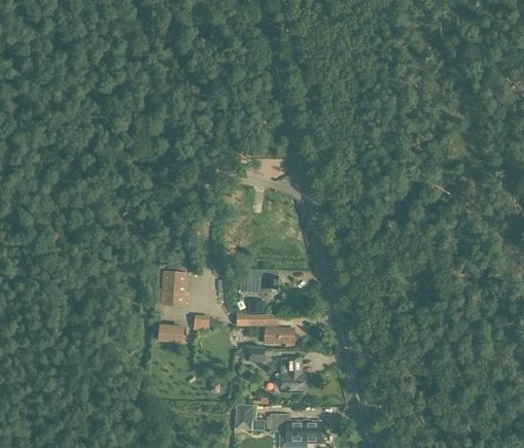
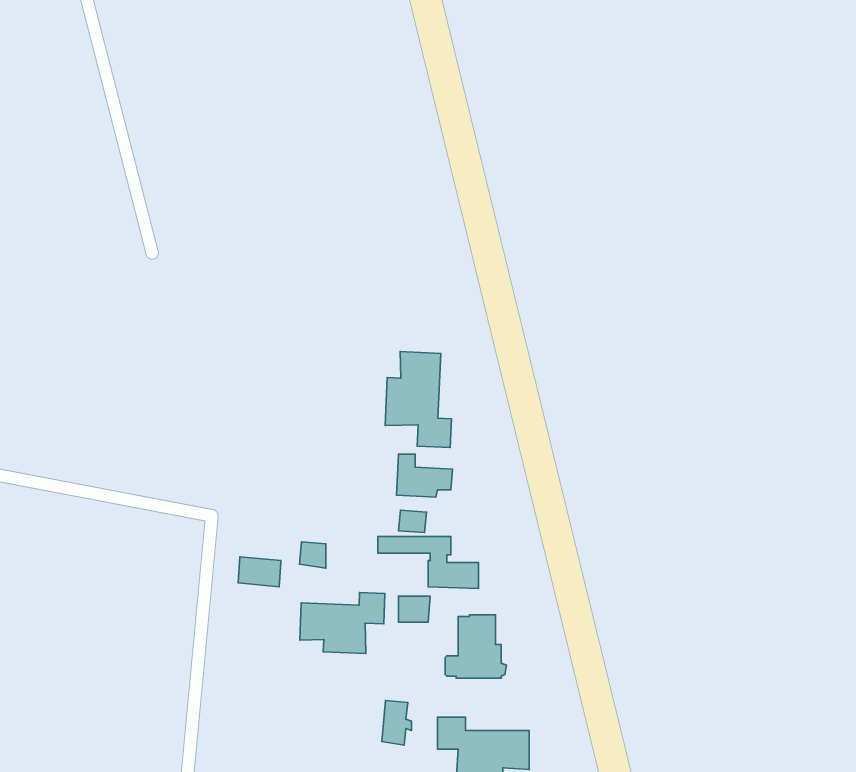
building: none -> [385,351,451,448]
building: [163,272,185,305] -> none
building: none -> [300,593,385,653]

